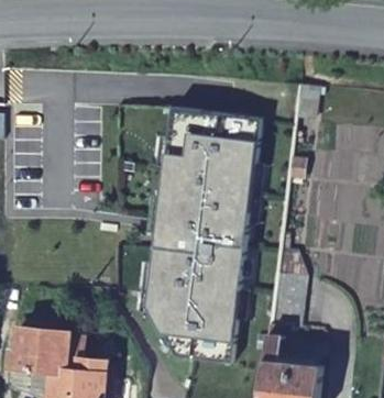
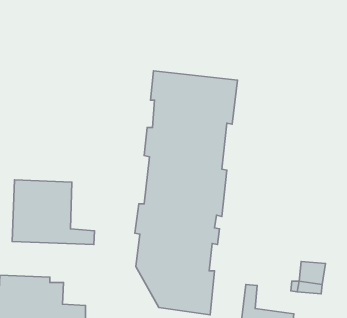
building: none -> [12,180,95,245]

